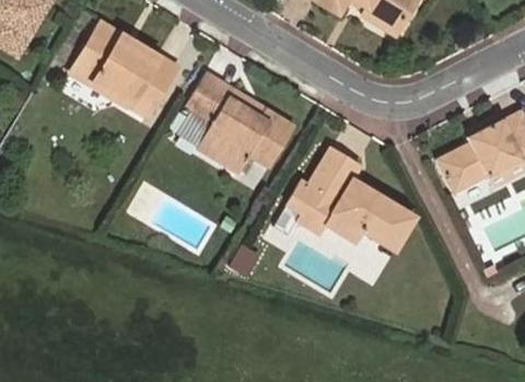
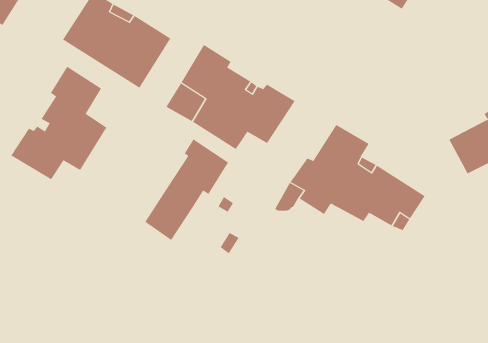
building: none -> [11,66,107,180]
building: none -> [145,139,229,241]

